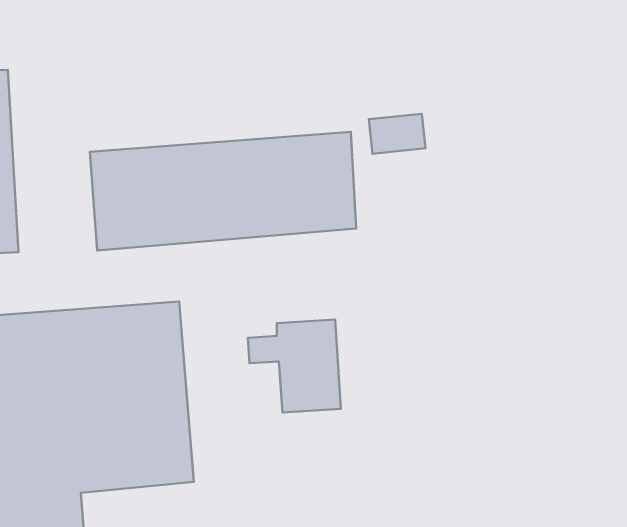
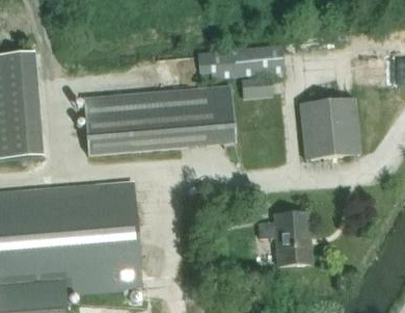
building: none -> [196,45,284,79]
building: none -> [299,97,358,158]
building: [248,320,341,413] -> [258,212,311,265]

